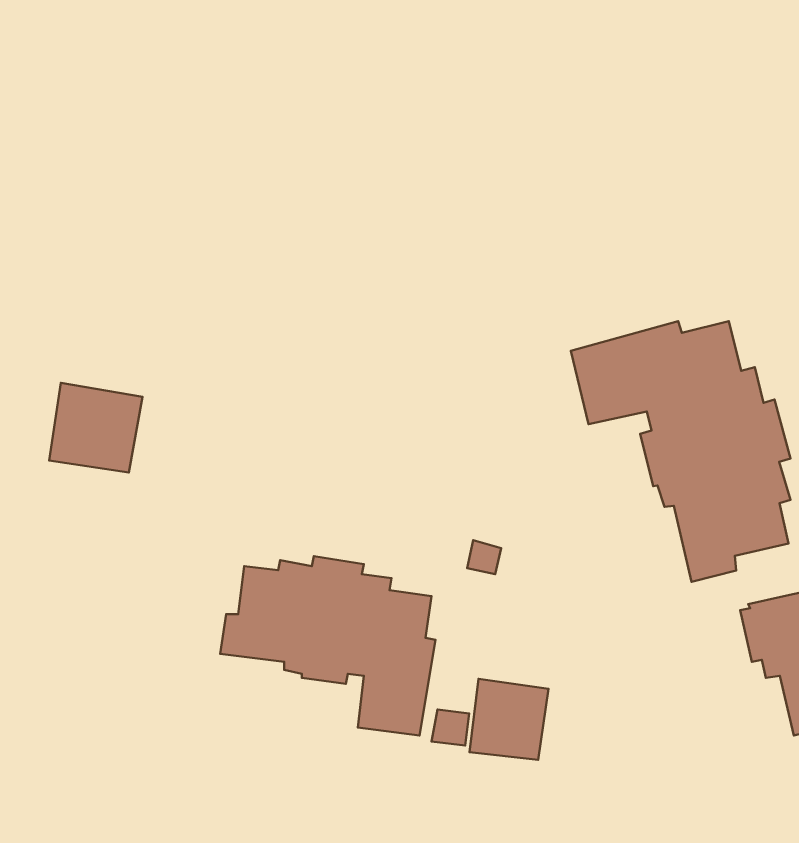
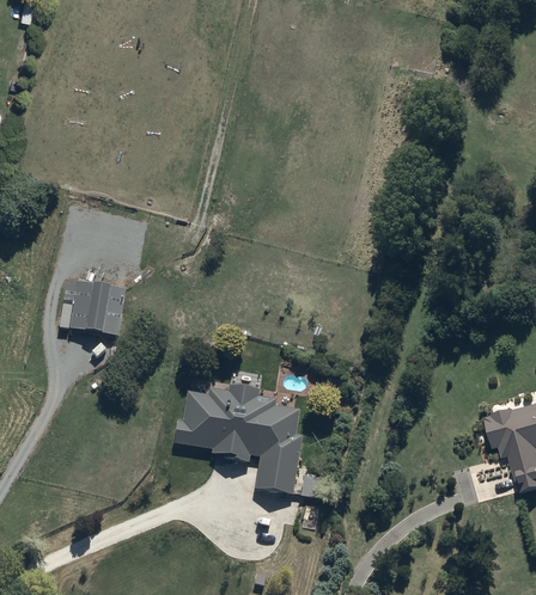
building: [571,321,790,582] -> none
building: [469,679,549,760] -> none

